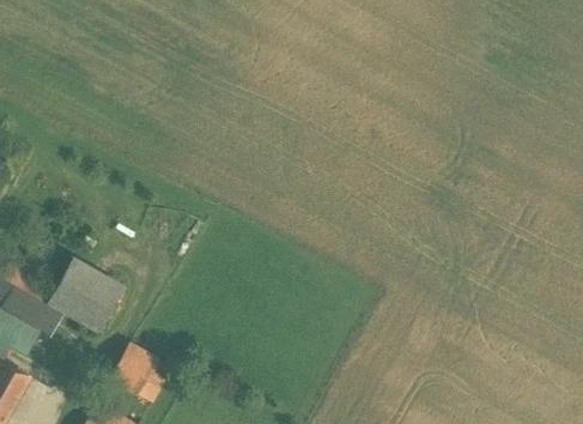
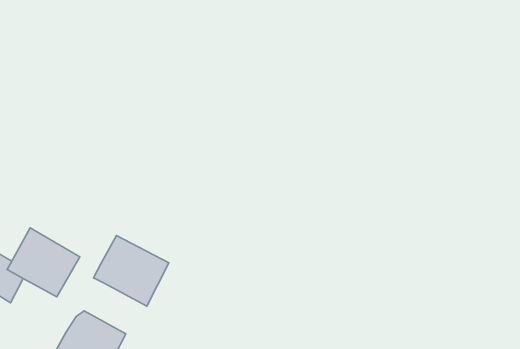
building: none -> [94,235,169,306]

